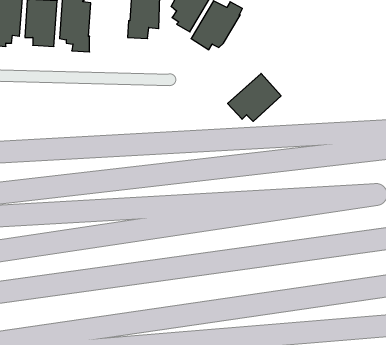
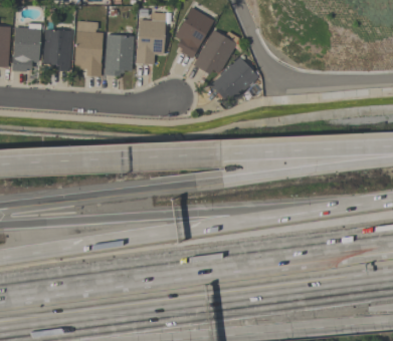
building: none -> [105,34,134,76]
building: [228,73,281,121] -> [210,57,258,100]

